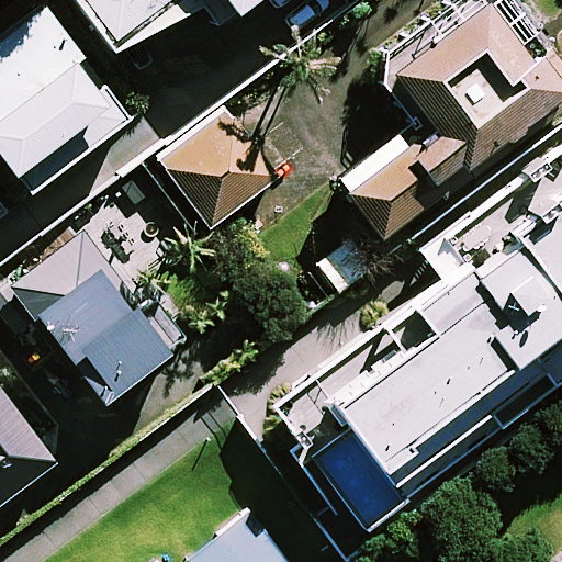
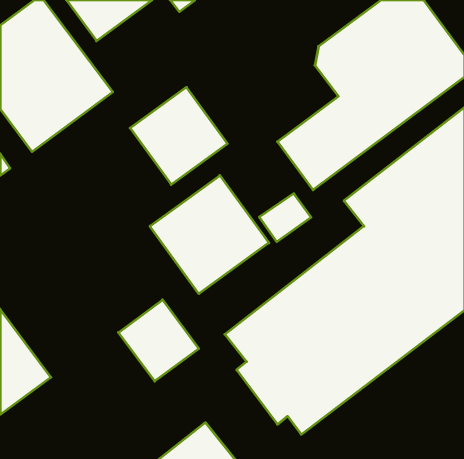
building: none -> [150,175,269,294]
building: [16,236,165,397] -> none
building: none -> [118,300,199,381]

